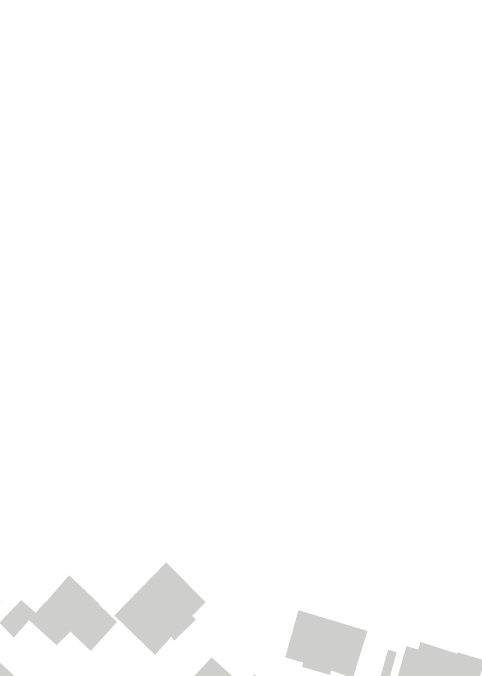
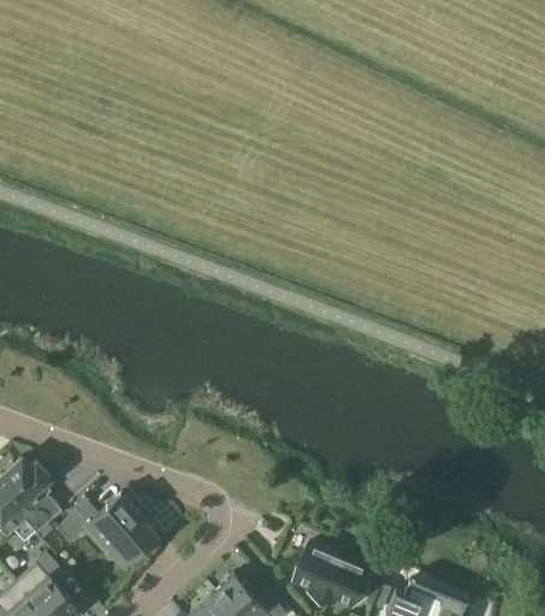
building: [113,561,207,656] -> none

